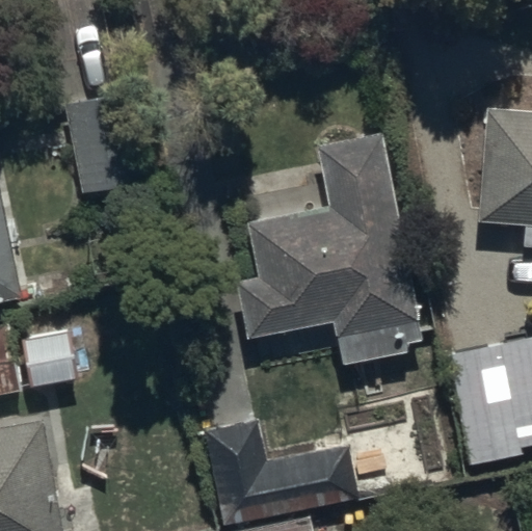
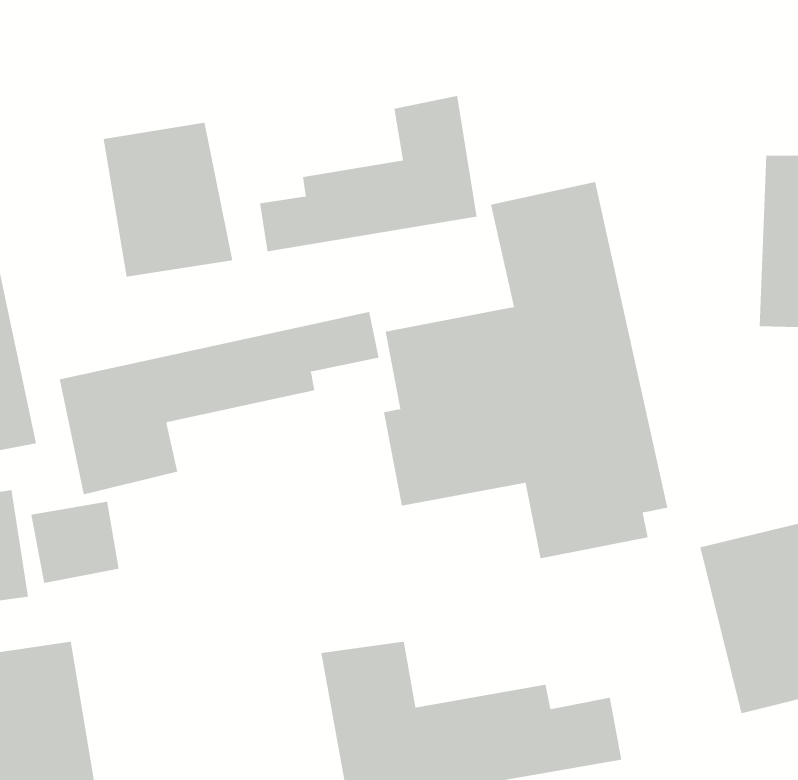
building: none -> [259,95,477,252]
building: none -> [59,311,379,495]

